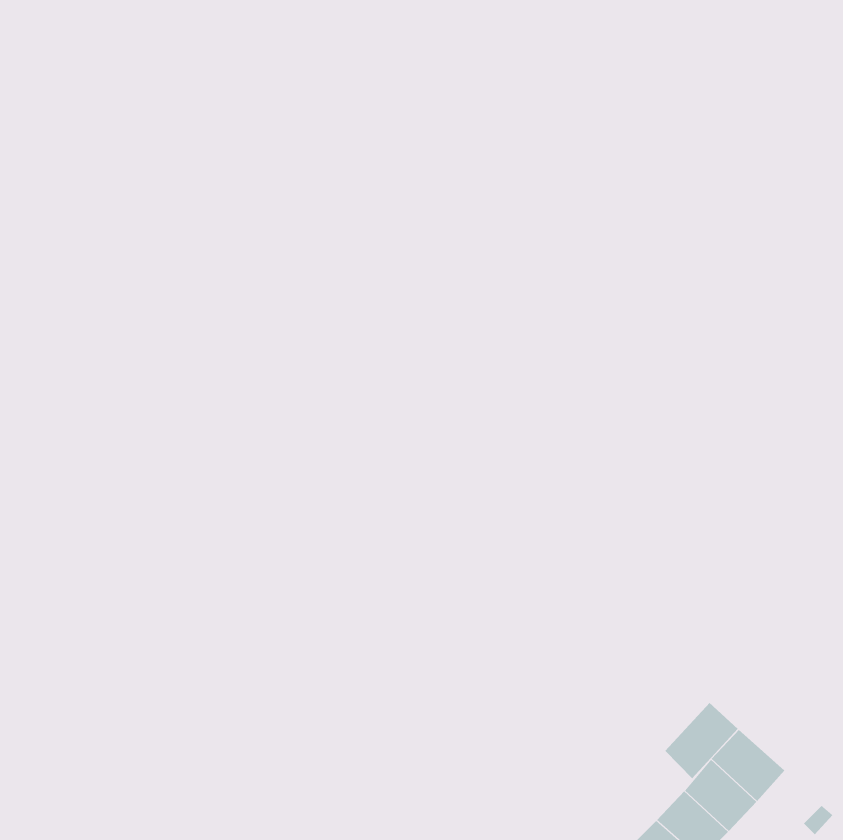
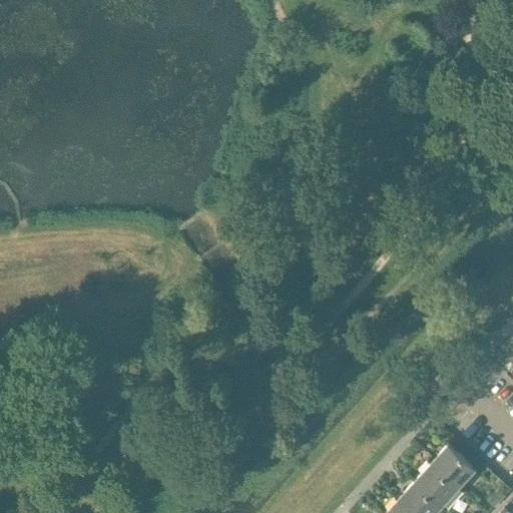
building: [664,702,739,779] -> none

